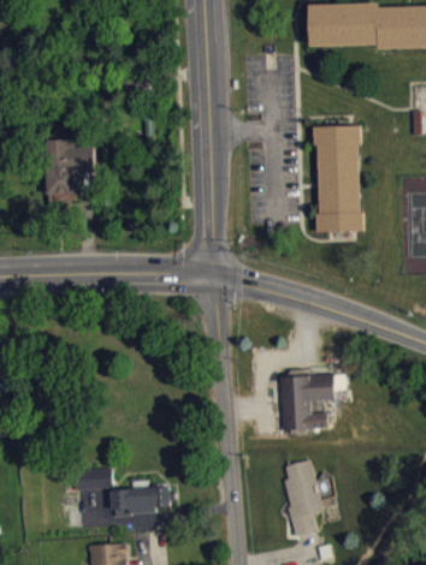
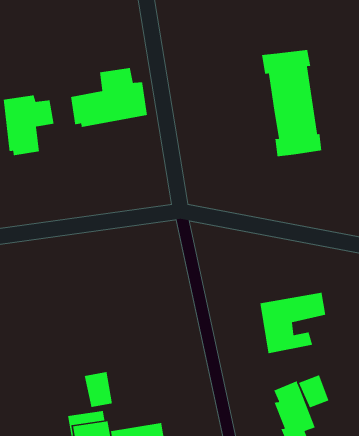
building: none -> [70,67,148,128]
building: none -> [84,371,113,408]
building: none -> [298,374,330,409]

